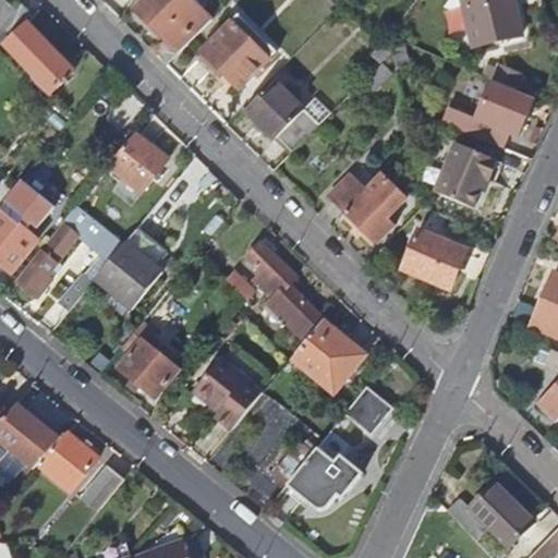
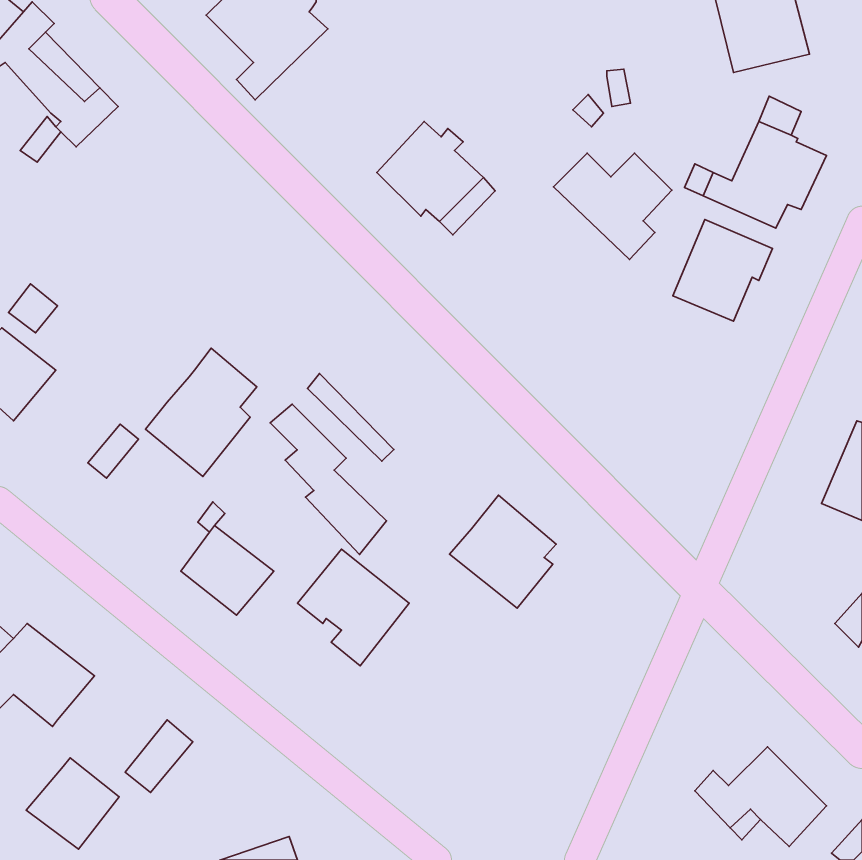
building: [201,13,275,87] -> none
building: [106,132,166,192] -> none
building: [327,173,403,242] -> [553,153,672,260]
building: [16,205,122,296] -> none
building: [401,229,466,287] -> none
building: [246,244,322,341] -> [270,404,387,555]
building: [342,386,390,435] -> none
building: [37,430,97,489] -> [26,758,119,849]
building: [286,446,362,508] -> none

